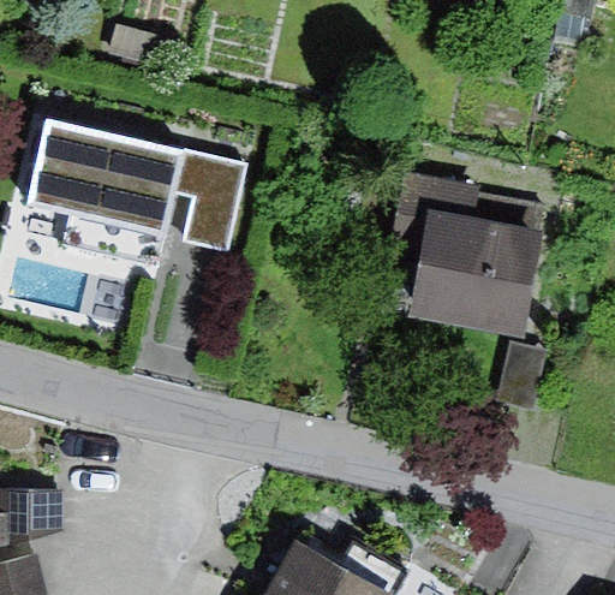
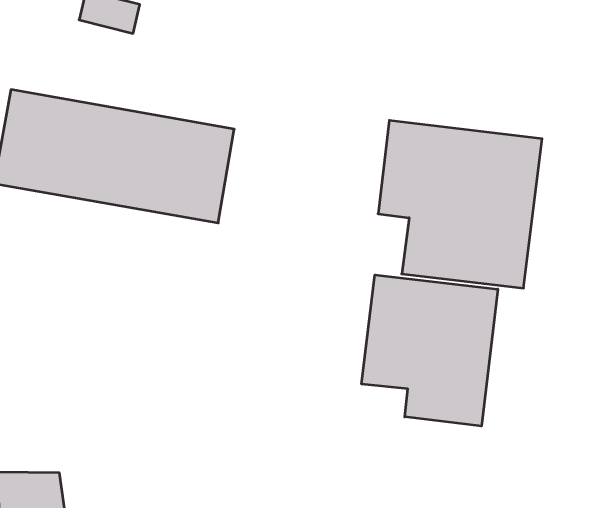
building: none -> [362,275,498,426]

